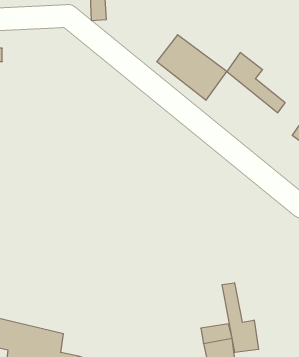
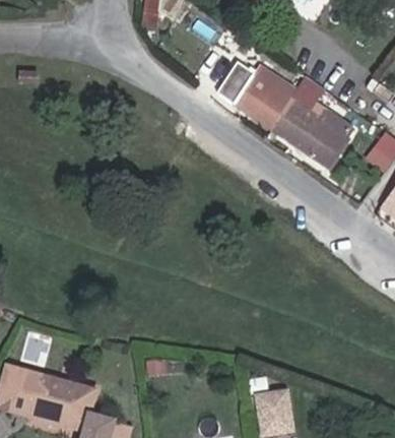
building: none -> [269,97,354,177]
building: [222,283,259,352] -> none

